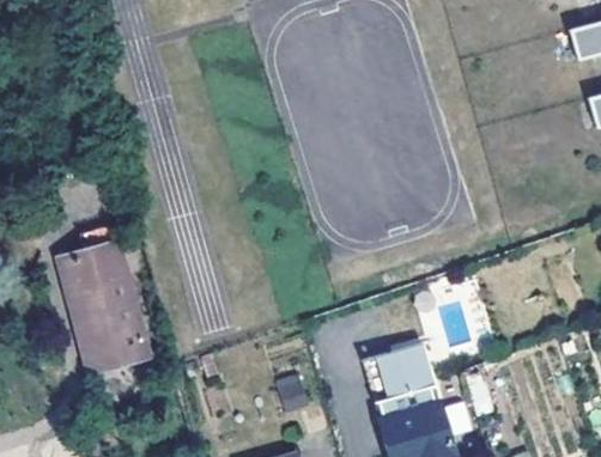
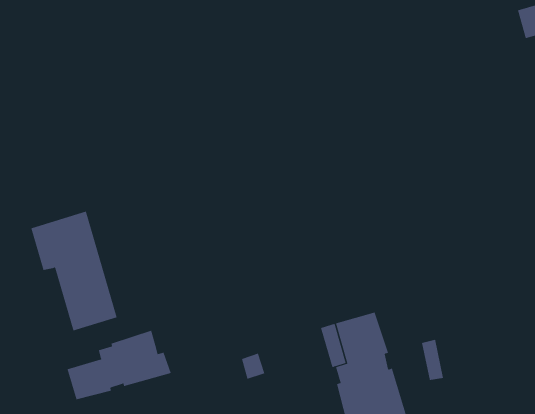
building: none -> [67,330,171,400]

